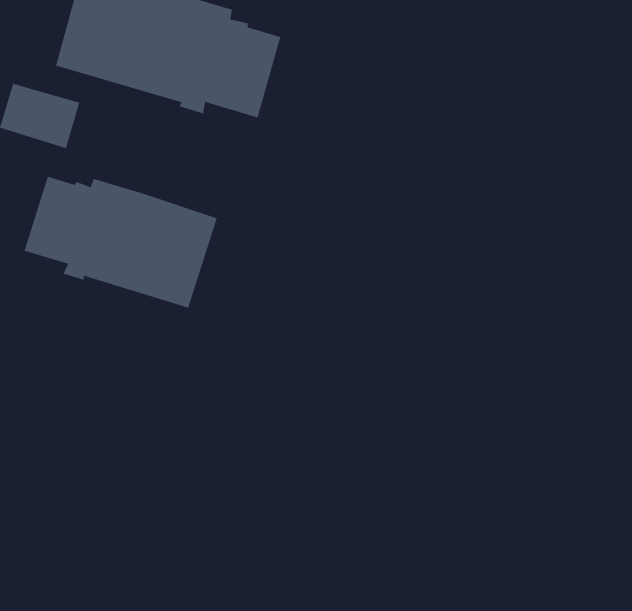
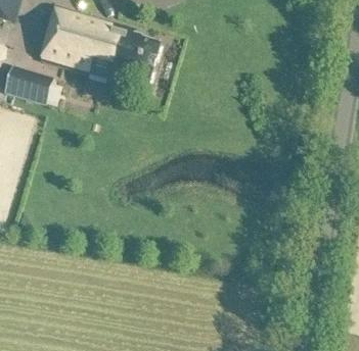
building: [24,176,218,309] -> none

